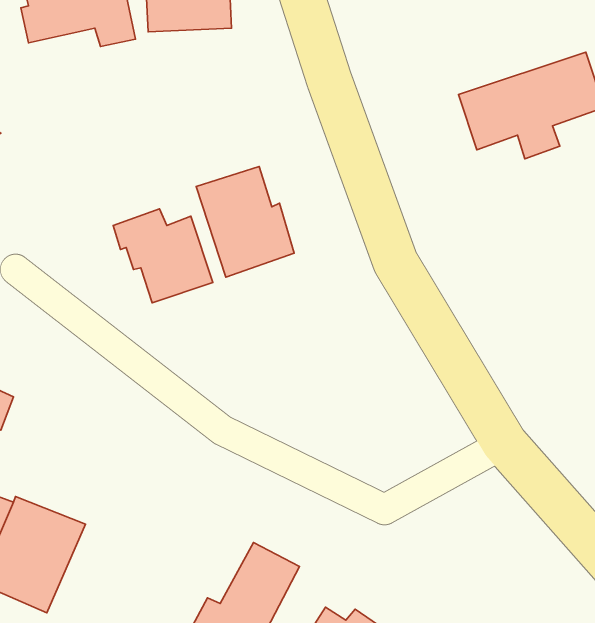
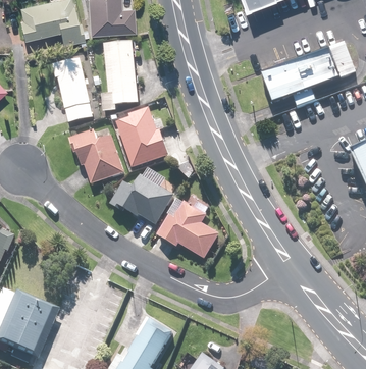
building: none -> [102,42,140,114]
building: none -> [53,58,95,124]
building: none -> [107,174,171,223]
building: none -> [157,195,220,260]

